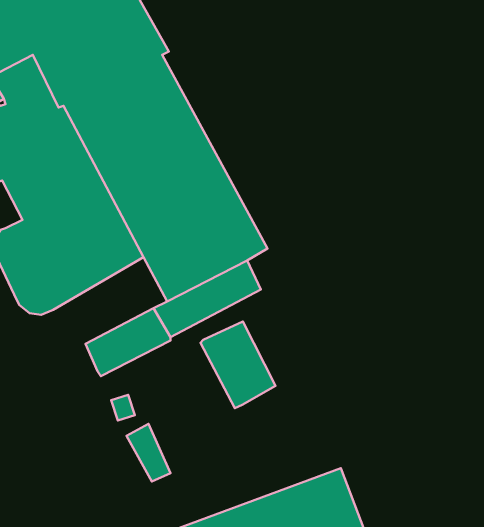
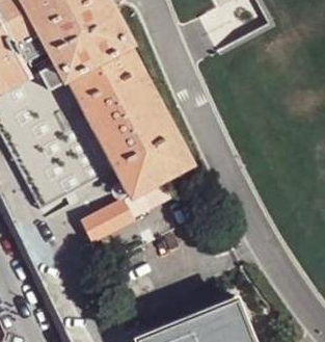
building: [200,322,275,408] -> none

